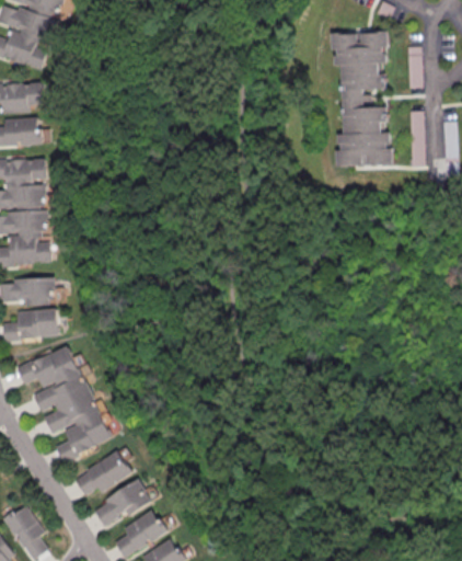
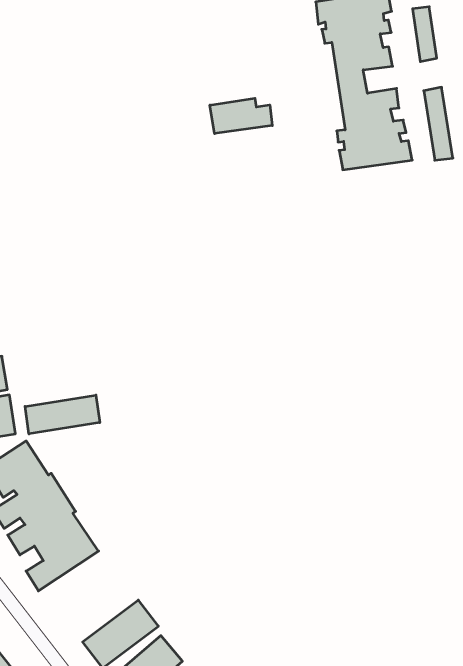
building: none -> [210,98,272,134]
building: none -> [25,395,100,434]
building: [76,449,134,500] -> none

